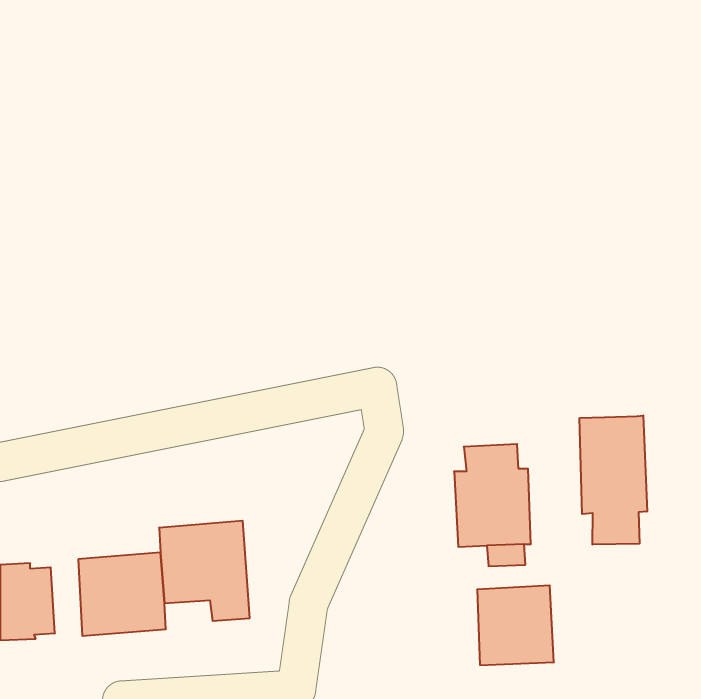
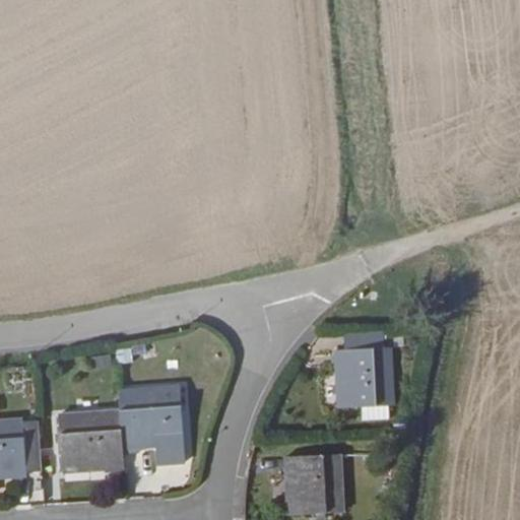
building: [580,415,647,545] -> none
building: [477,586,554,665] -> [285,455,342,514]

